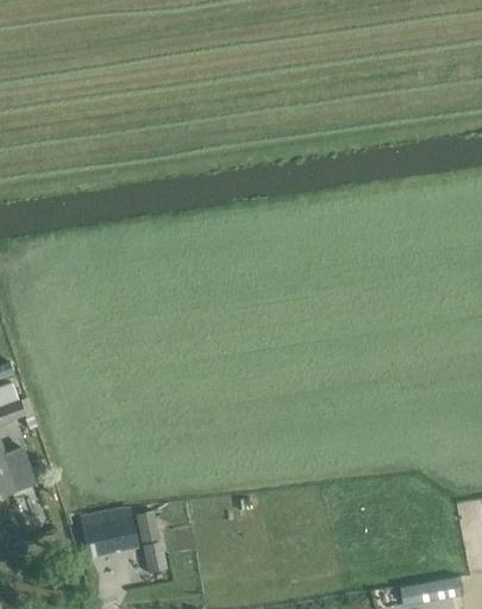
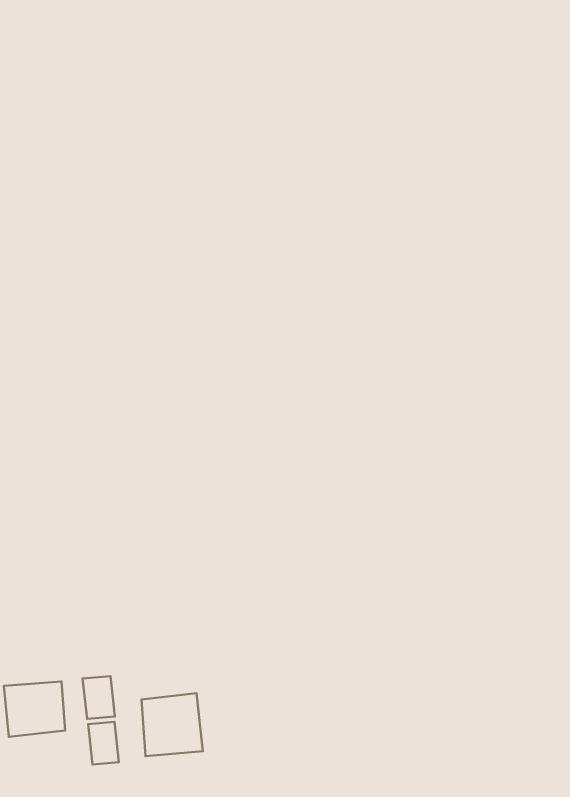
building: none -> [142,693,203,756]

